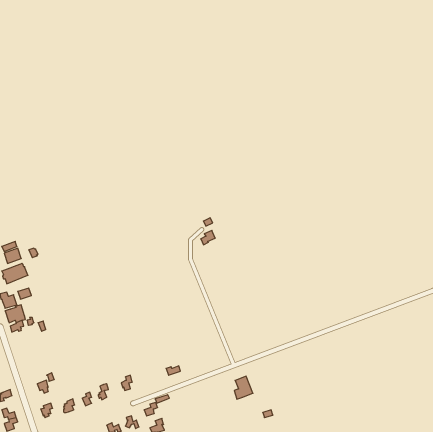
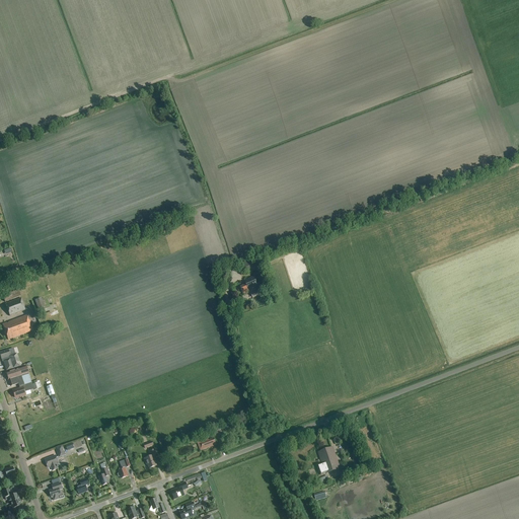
building: [234,376,253,399] -> [317,447,340,474]

